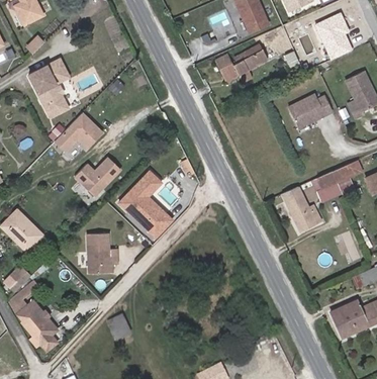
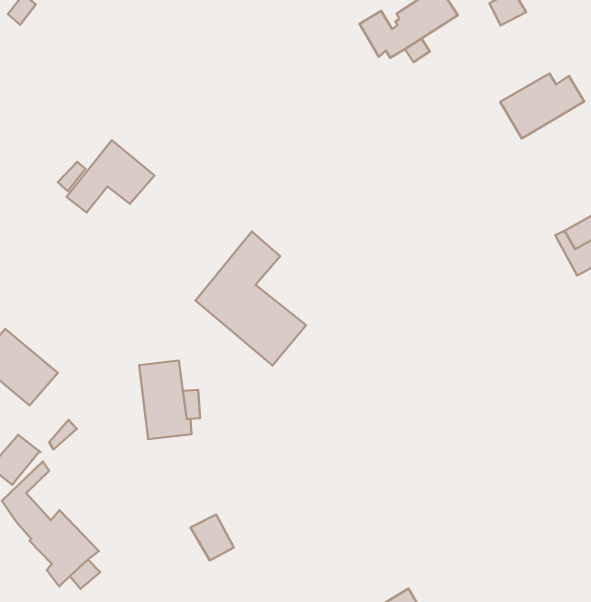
building: [30,56,70,114] -> none
building: [74,159,119,196] -> none
building: [282,187,320,231] -> none

